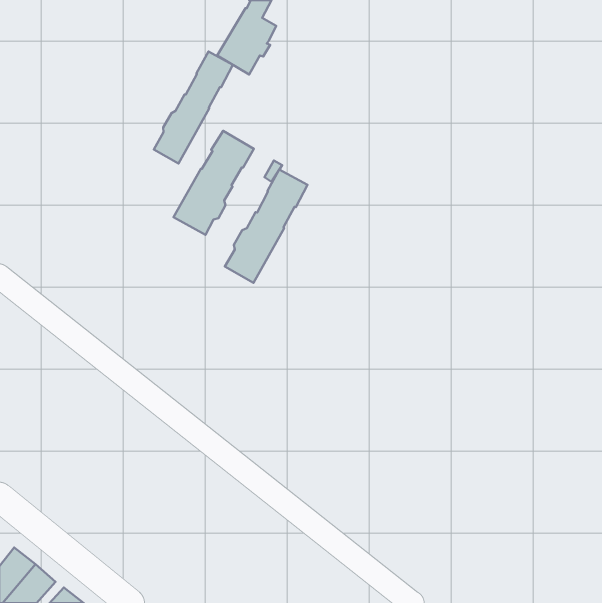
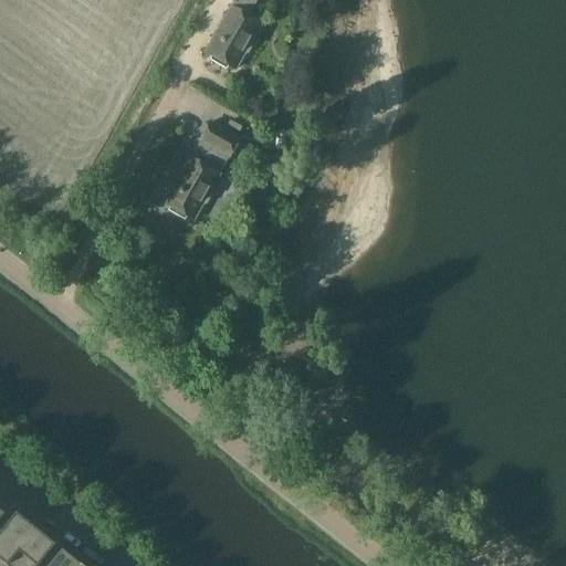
building: [154,52,233,163] -> none
building: [225,170,307,283] -> none

